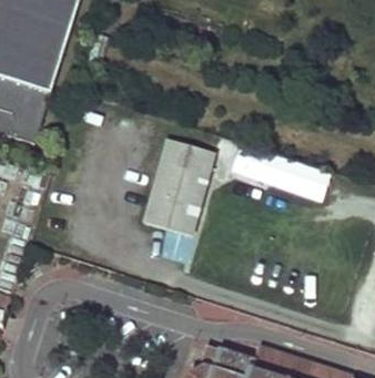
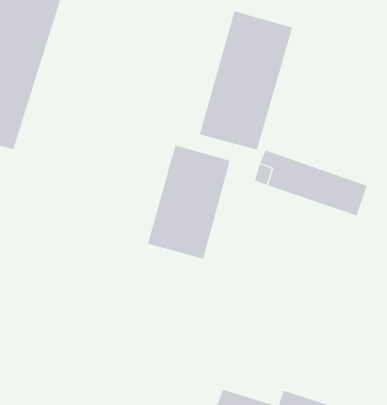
building: none -> [199,11,293,150]

